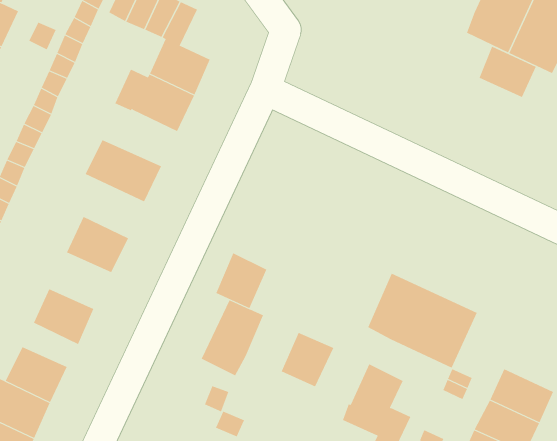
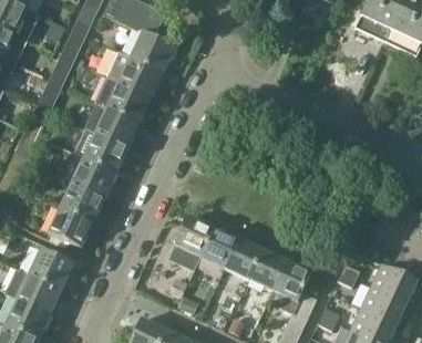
building: [479,46,537,98] -> none
building: none -> [95,77,151,122]
building: none -> [73,127,127,173]
building: none -> [60,183,104,222]
building: [215,252,267,309] -> [199,227,236,267]
building: [367,273,477,368] -> none
building: none -> [248,250,286,290]

